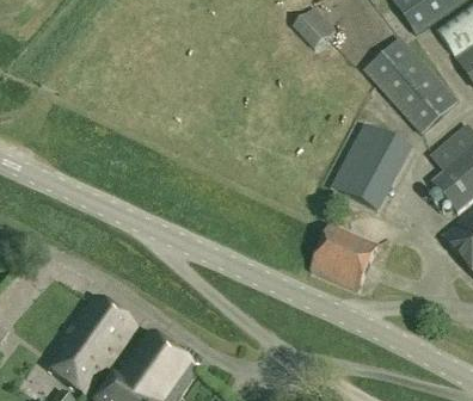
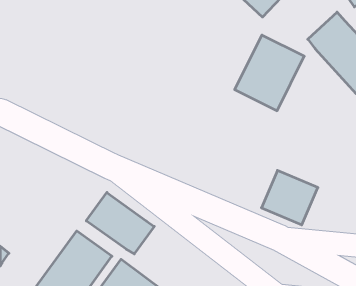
building: [327,119,410,209] -> [235,35,304,111]
building: none -> [86,192,154,254]

